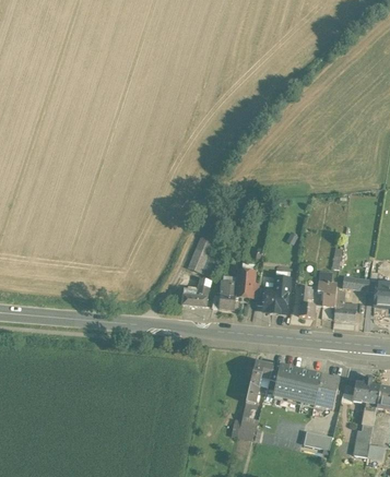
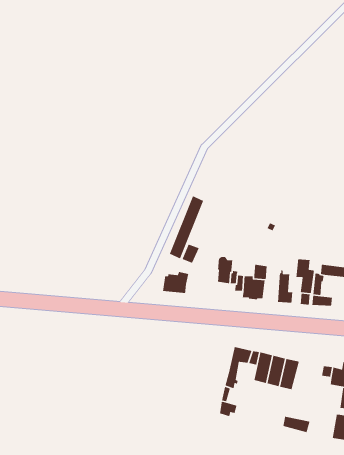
building: [220,281,239,310] -> none
building: [315,375,340,408] -> none

